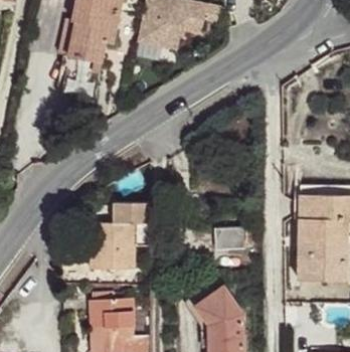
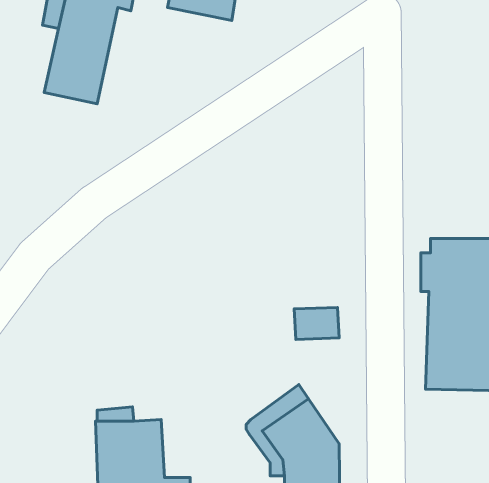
building: [91,202,150,270] -> none

